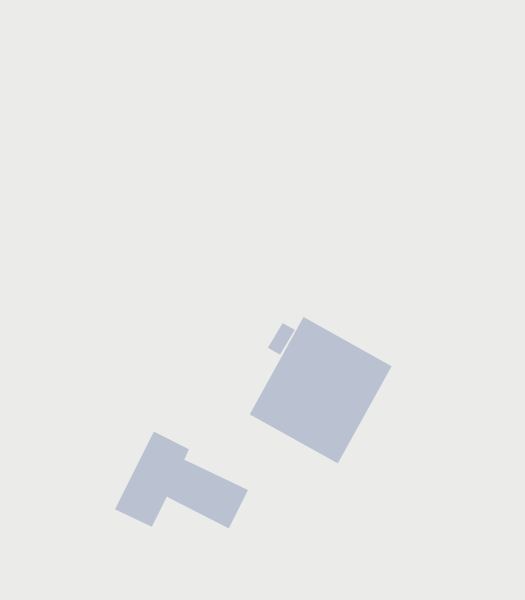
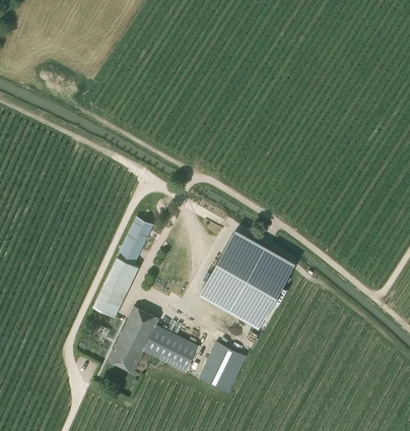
building: none -> [91,218,152,318]
building: none -> [198,343,246,393]

